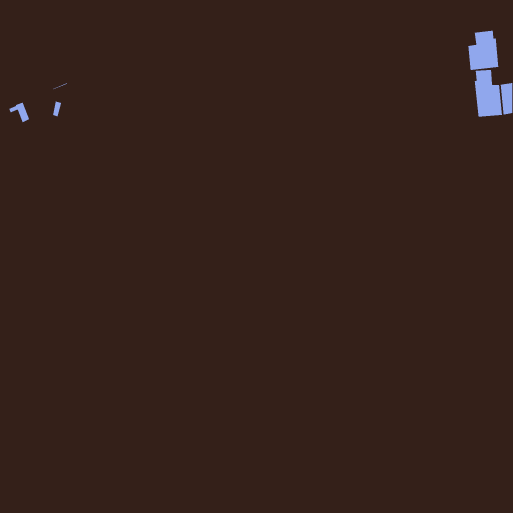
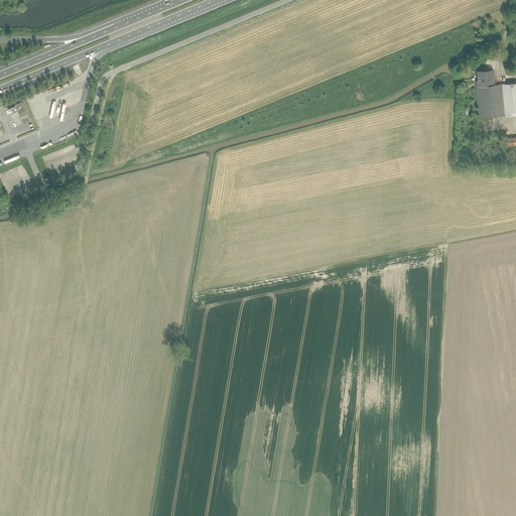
building: [467,30,499,71] -> none

